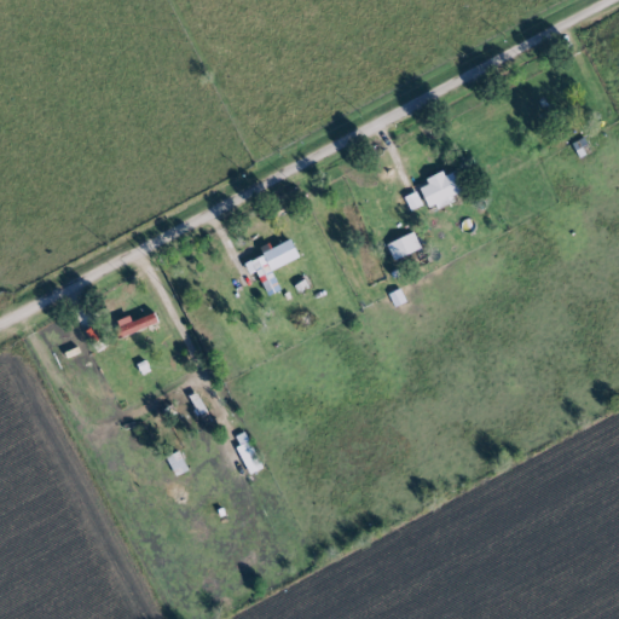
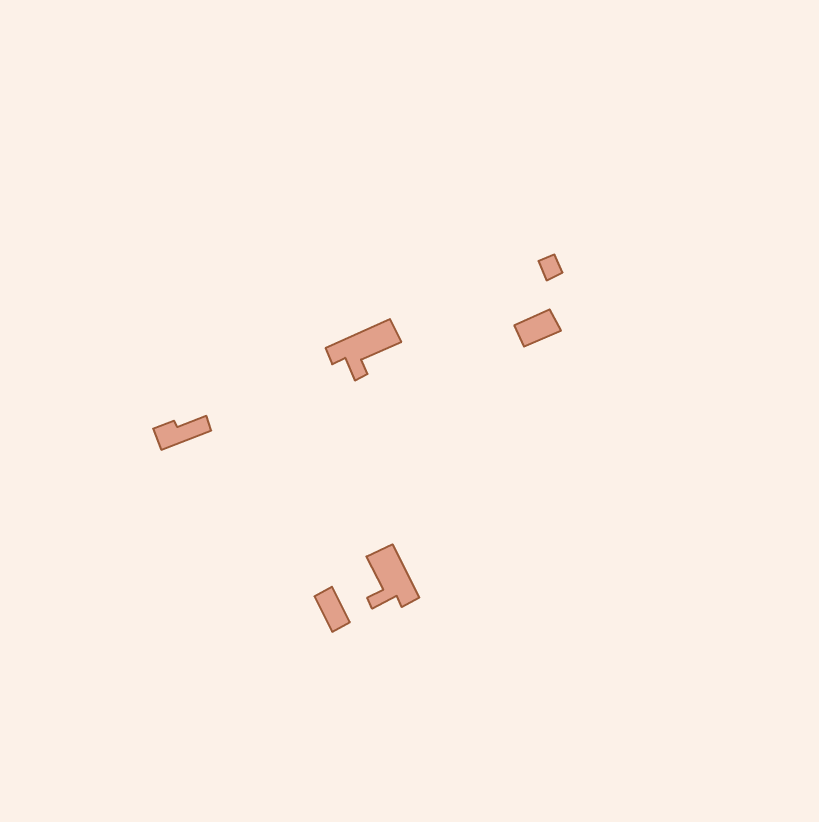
building: [418,169,462,210] -> none
building: none -> [366,544,419,609]

